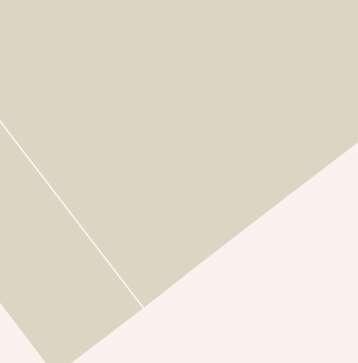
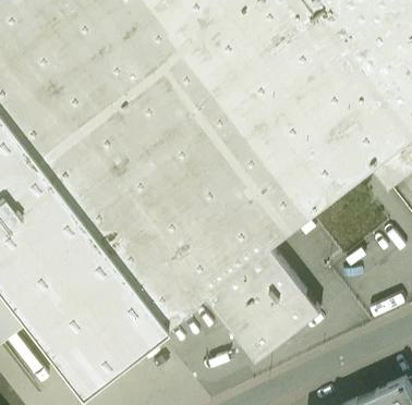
building: none -> [206,248,319,361]

